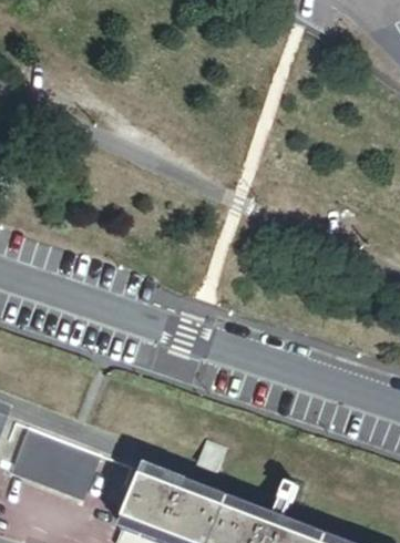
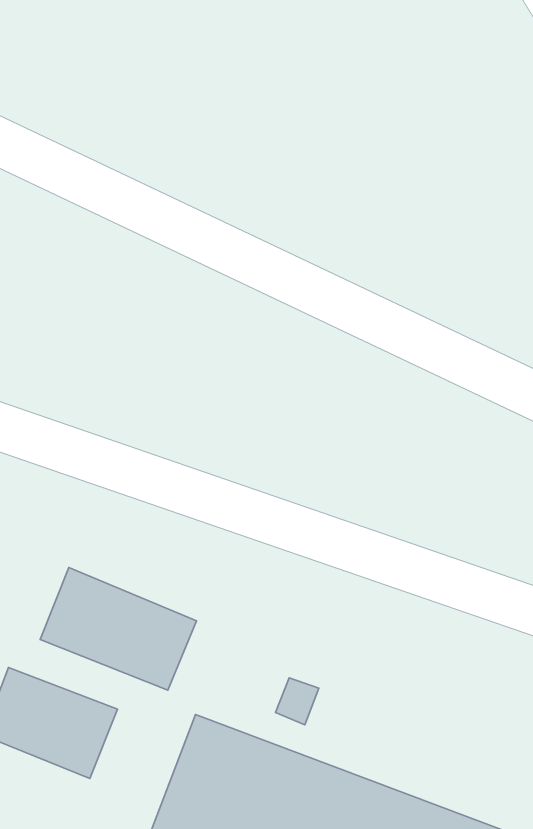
building: none -> [40,567,197,690]

